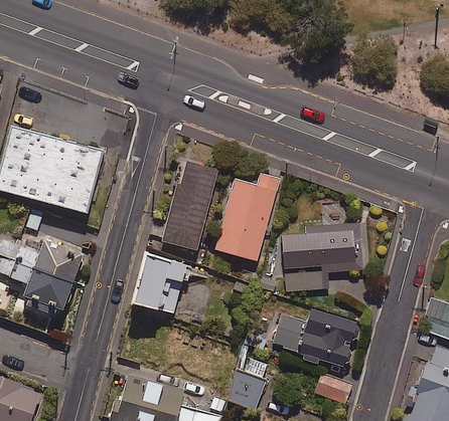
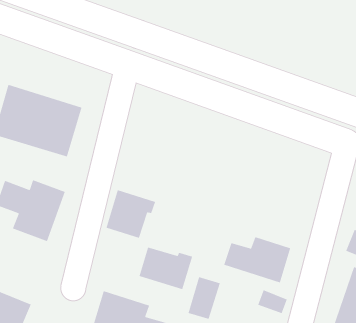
building: [160,162,218,250] -> none
building: [214,174,279,261] -> none
building: [281,224,361,291] -> none
building: none -> [139,247,193,290]

